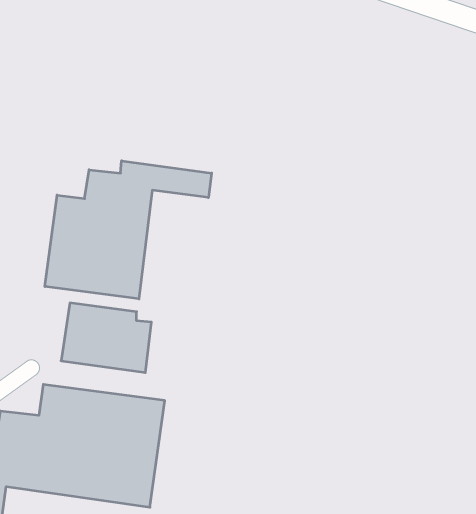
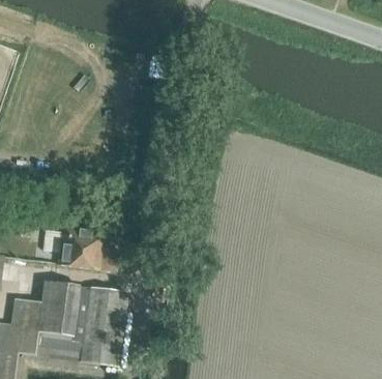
building: [45,161,212,299] -> none

